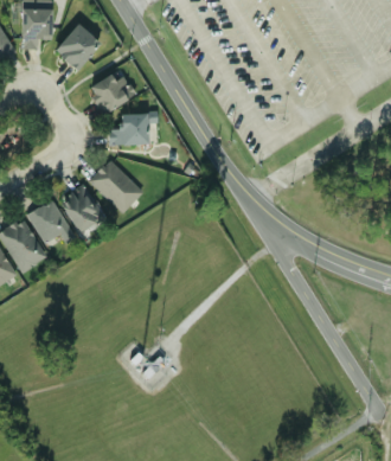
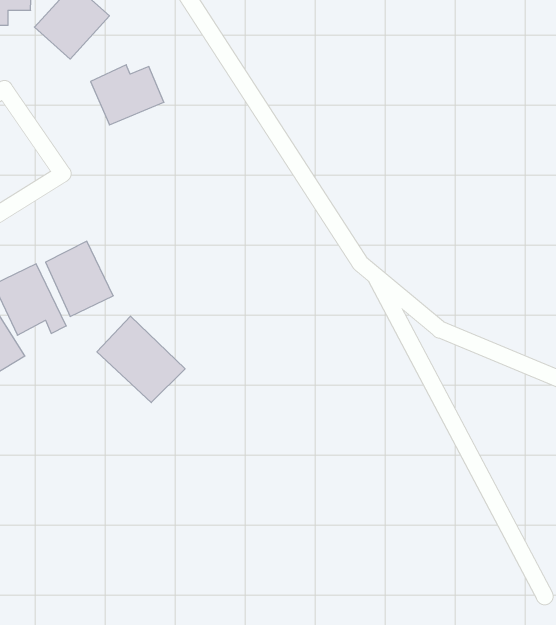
building: [108,113,148,145] -> none
building: [88,159,143,213] -> [97,316,185,403]

